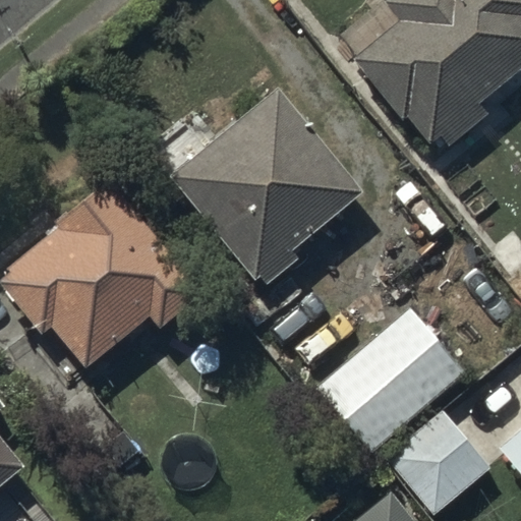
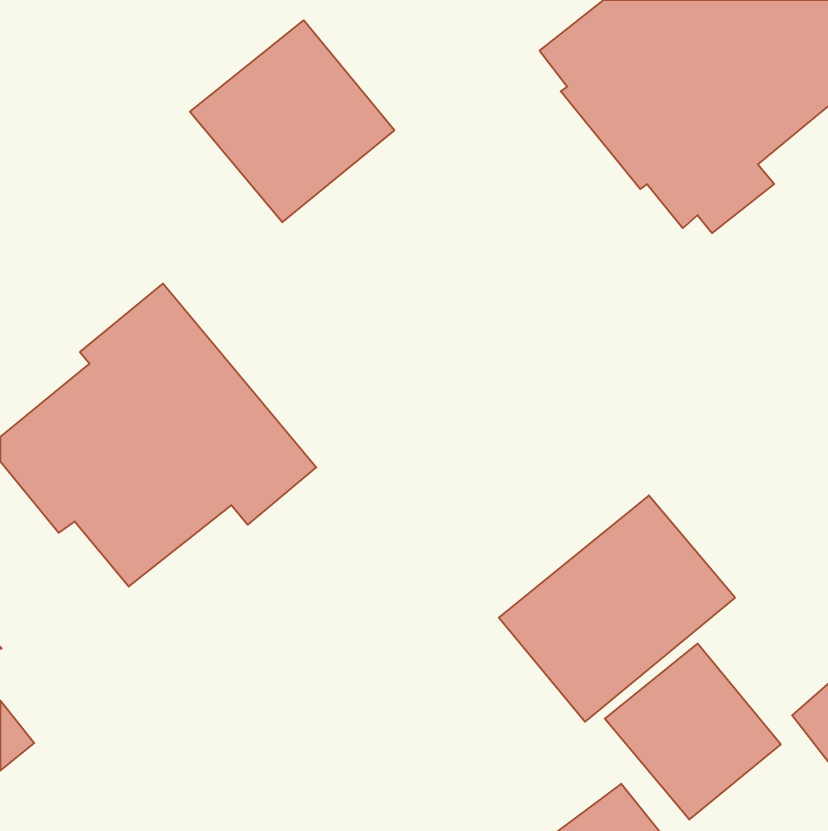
building: none -> [190,20,394,222]
building: [169,89,363,286] -> none

